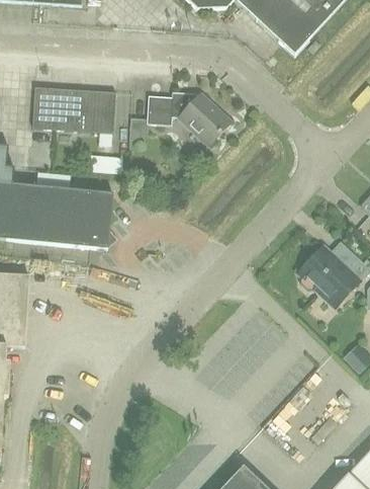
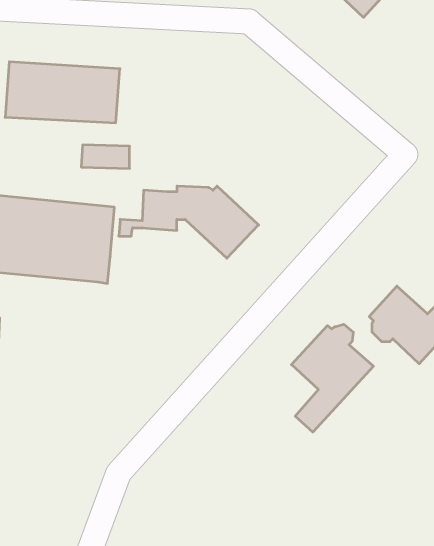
building: [130,92,233,145] -> [119,186,259,258]
building: none -> [291,324,373,432]

